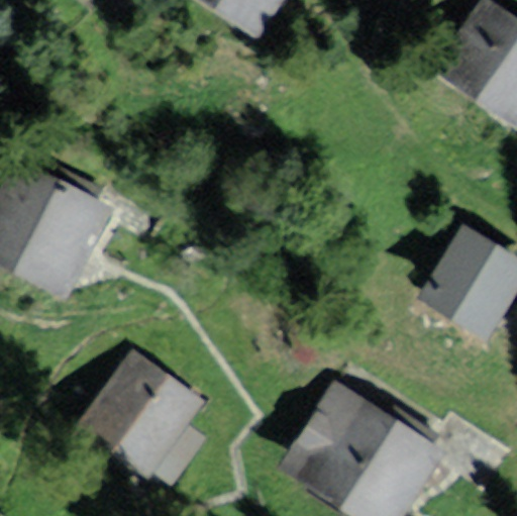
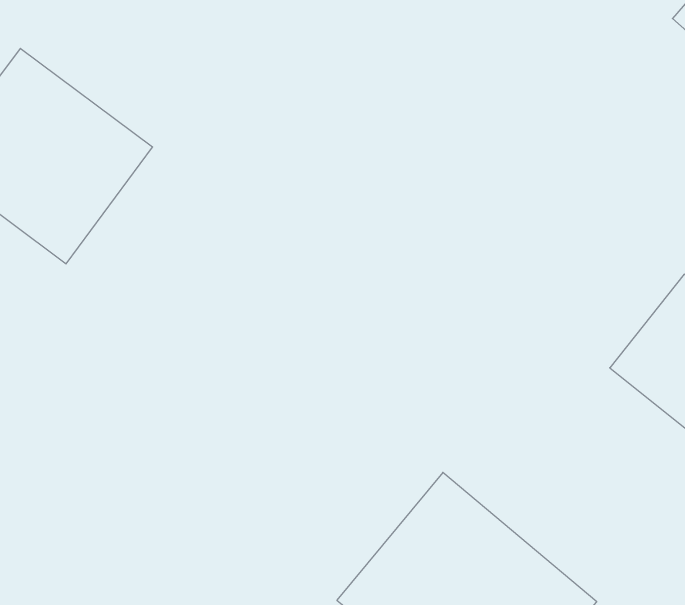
building: [79,349,207,479] -> none

